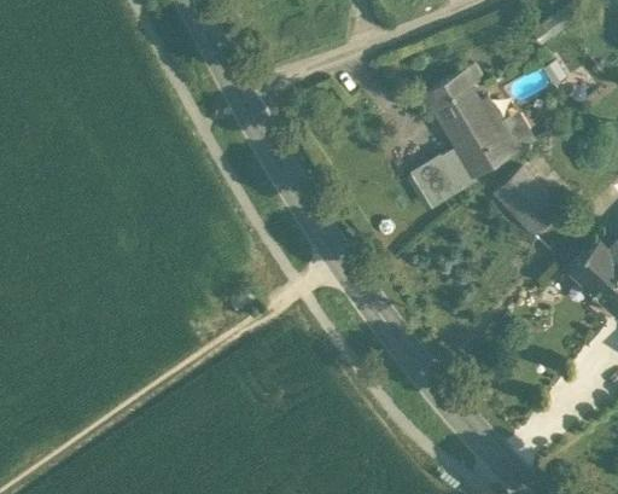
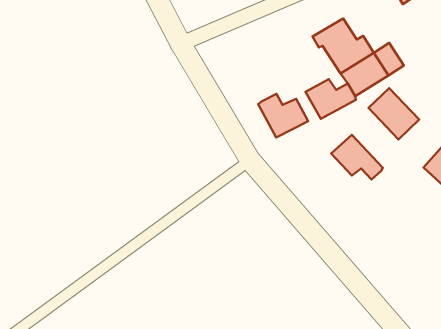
building: none -> [258,94,308,138]
building: none -> [331,135,383,179]

